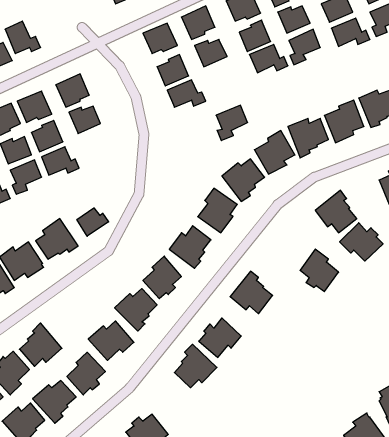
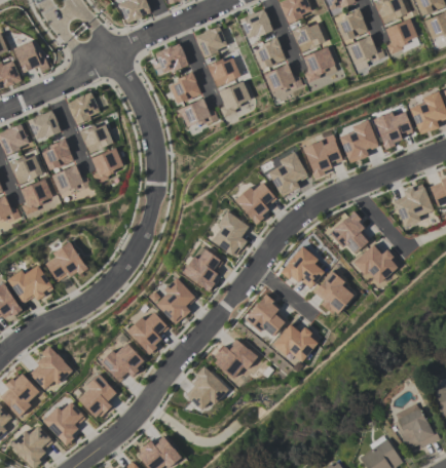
building: [216,105,248,141] -> [218,81,250,117]
building: none -> [90,148,123,184]
building: [77,208,109,236] -> none
building: none -> [281,244,325,287]
building: none -> [272,324,315,361]

